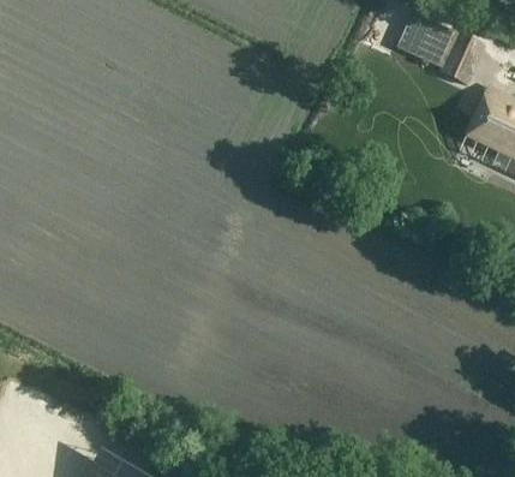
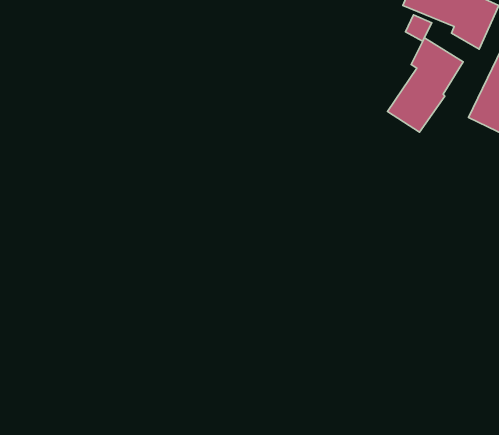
building: none -> [388,38,463,132]

